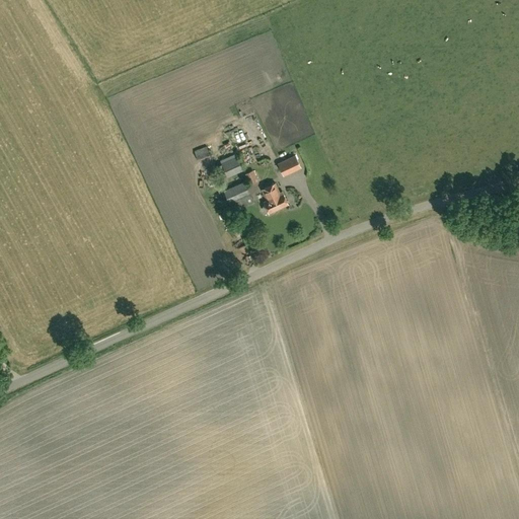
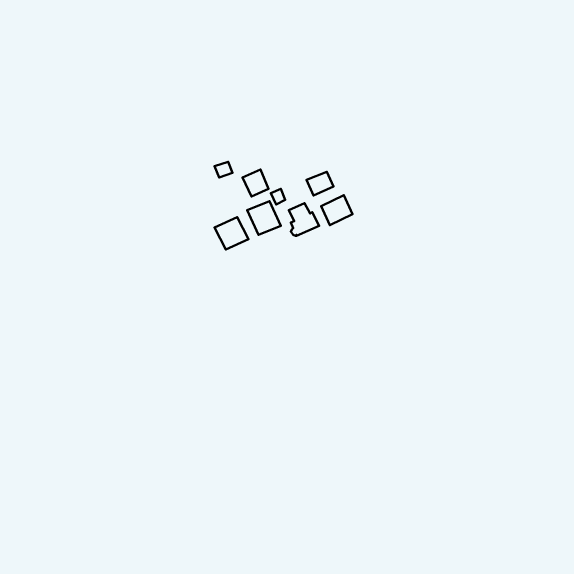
building: none -> [321,195,352,225]
building: none -> [215,217,248,250]

